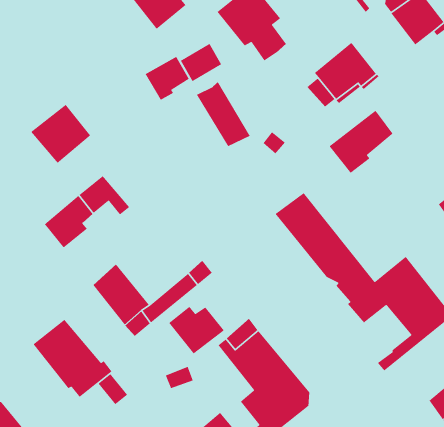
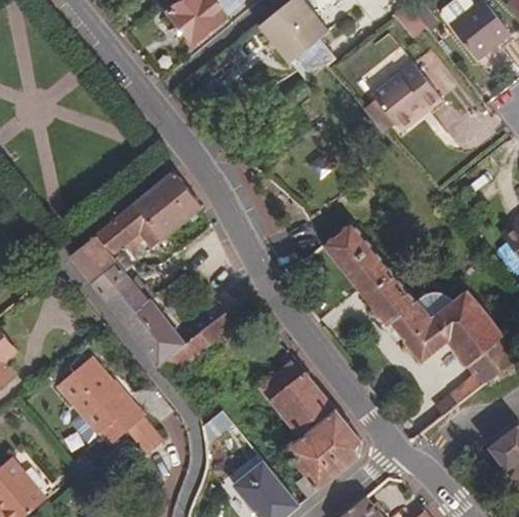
building: [145,56,190,101] -> none
building: [196,81,251,147] -> none
building: [30,104,91,164] -> [134,171,201,237]
building: [328,110,394,174] -> none
building: none -> [91,261,149,322]
building: [168,306,225,354] -> none

